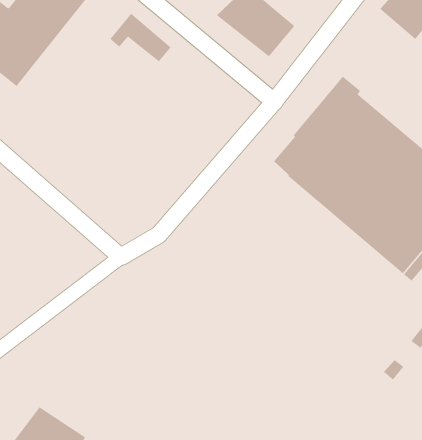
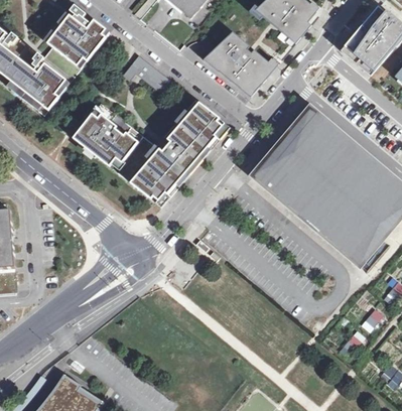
building: none -> [72,99,229,211]

